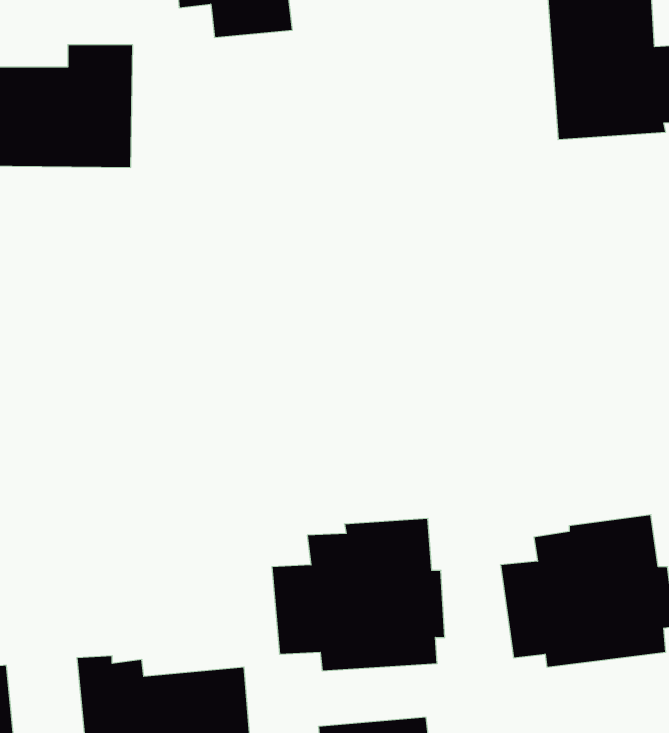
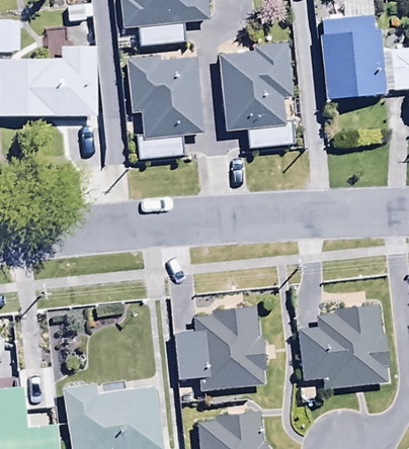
building: none -> [217,46,296,149]
building: none -> [127,56,202,160]

